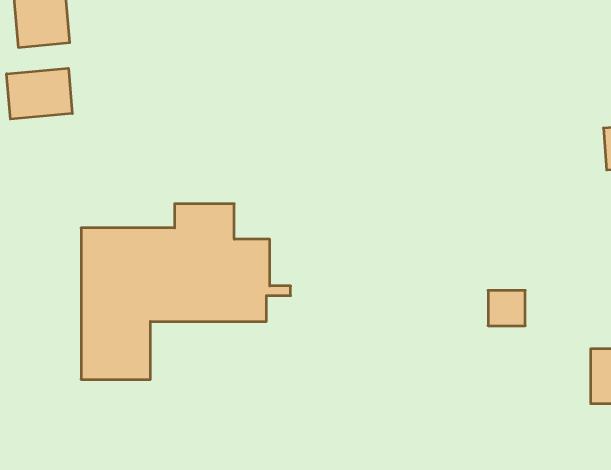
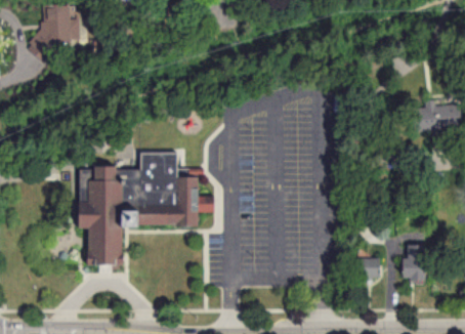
building: [7,68,72,119] -> none
building: [488,290,525,326] -> [357,257,381,280]

